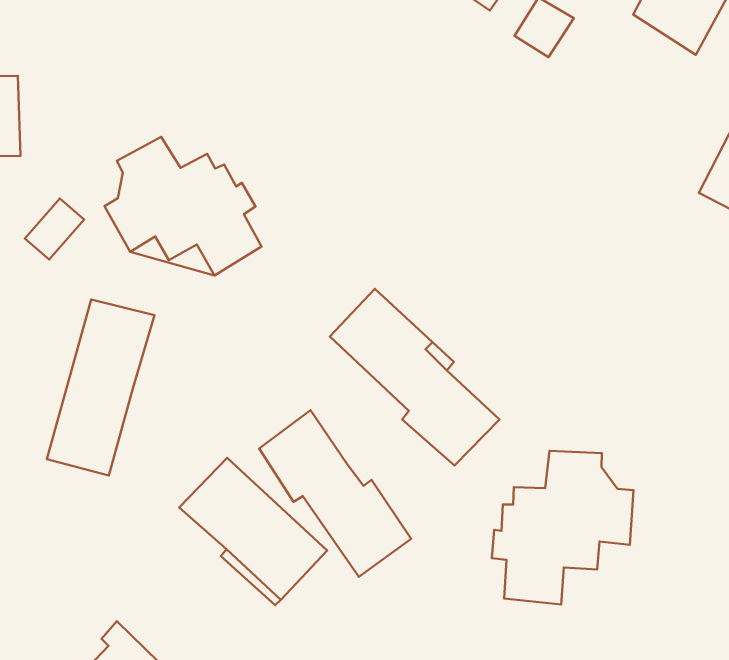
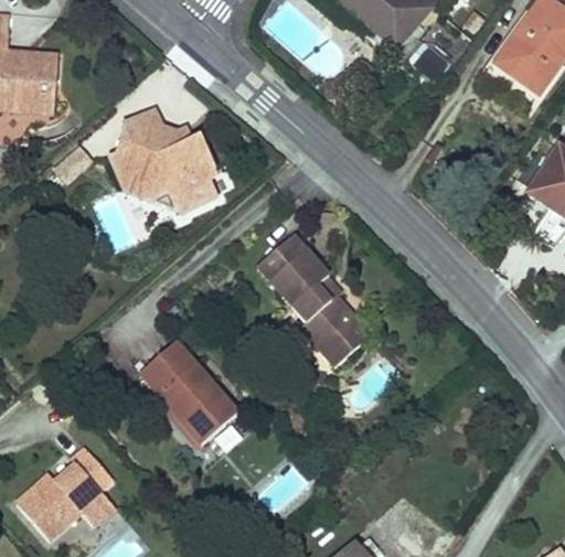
building: [47,300,155,476] -> none
building: [259,410,411,577] -> none
building: [492,451,633,604] -> none

